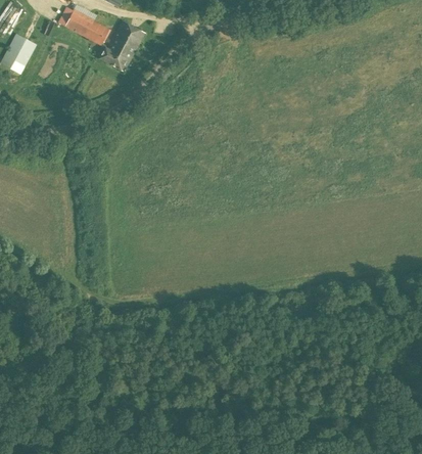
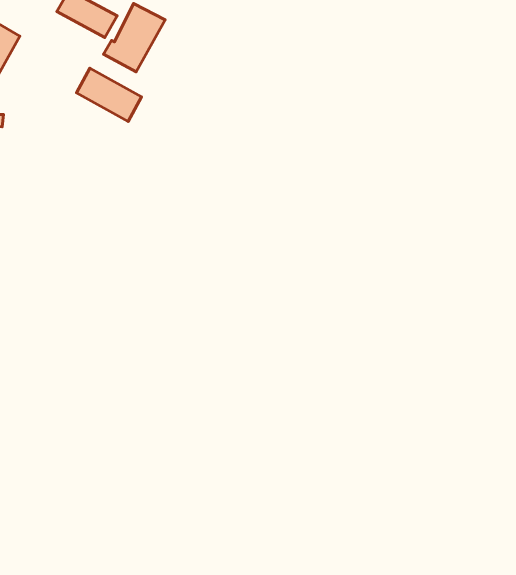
building: none -> [77,68,141,122]

